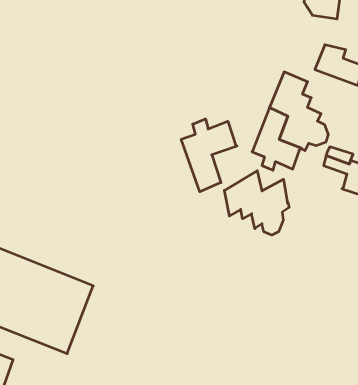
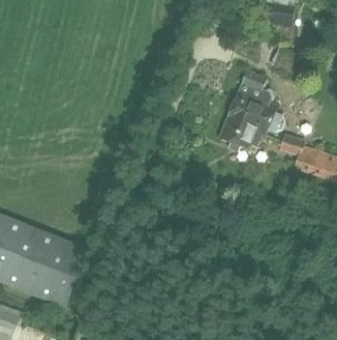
building: [181,119,237,192] -> none
building: [224,171,289,235] -> none

